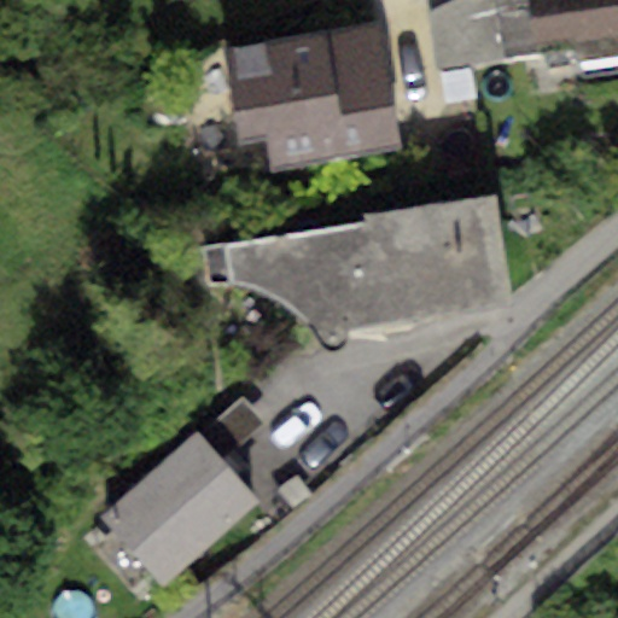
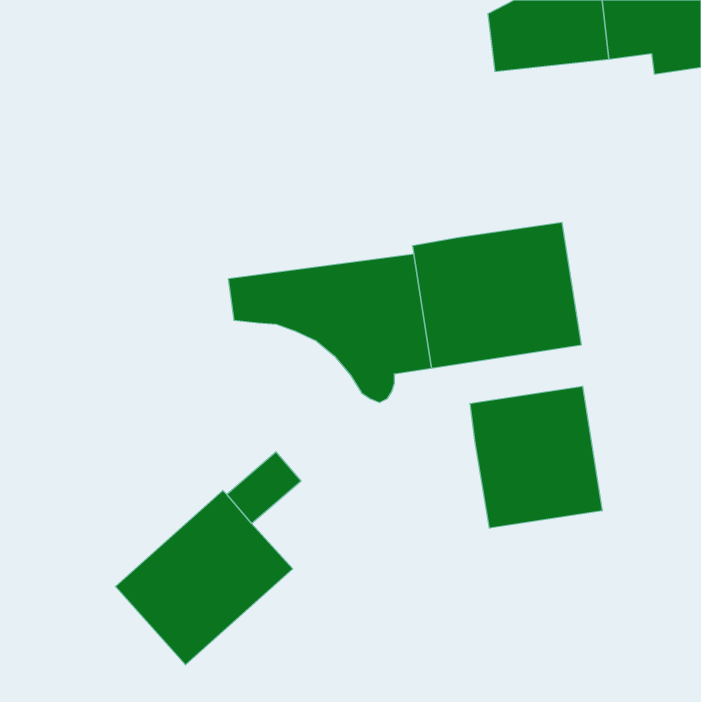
building: [216,19,403,170] -> none
building: none -> [470,386,602,528]

